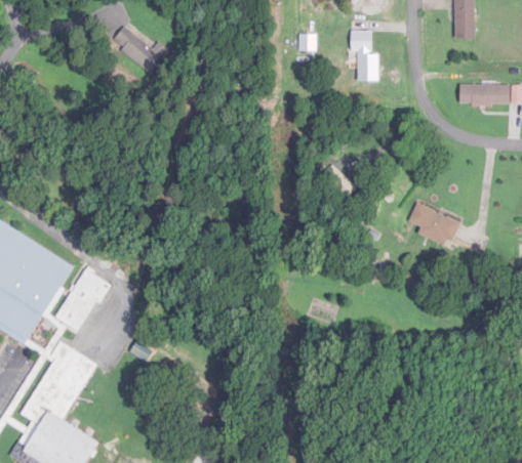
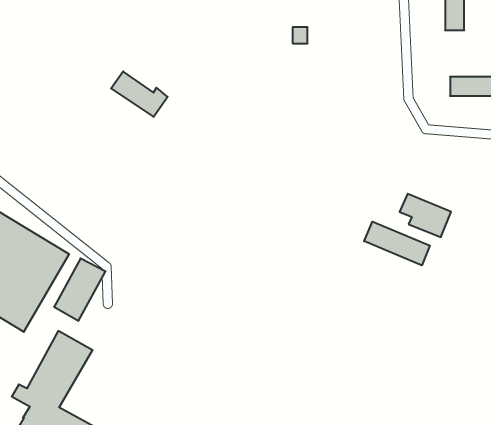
building: [110,26,167,72] -> [111,71,168,117]
building: [350,29,377,81] -> none
building: none -> [364,222,430,265]

